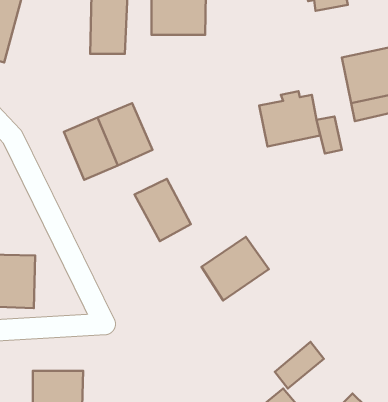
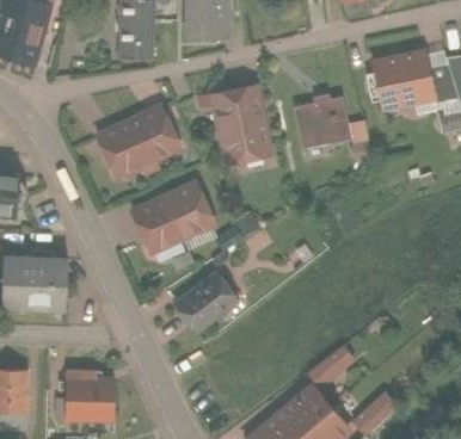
building: none -> [204,81,273,166]
building: none -> [131,196,189,259]
building: [202,237,269,300] -> [172,273,239,336]

